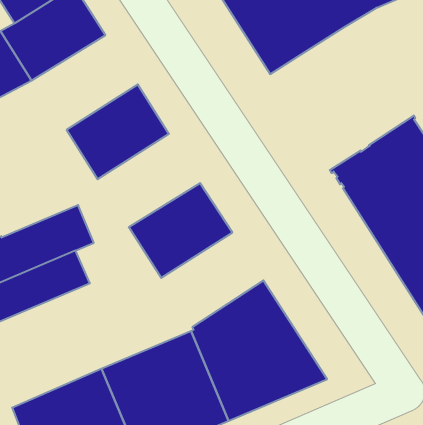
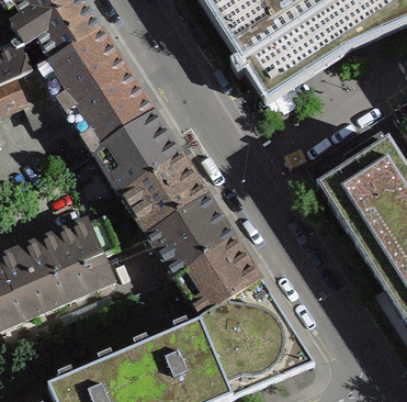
building: none -> [65,68,155,150]
building: none -> [121,152,207,232]
building: none -> [174,235,261,315]

